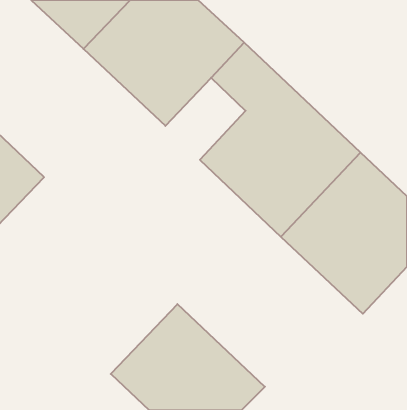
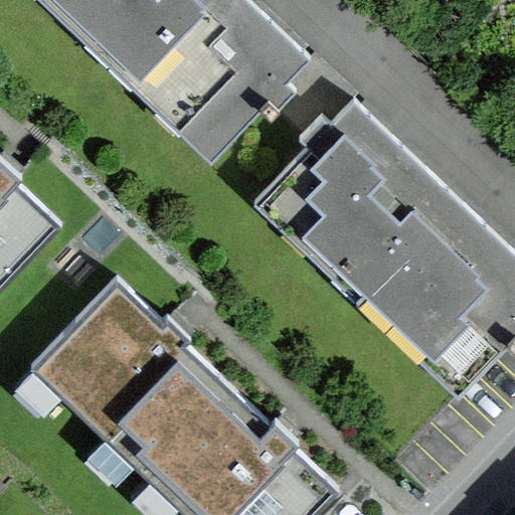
building: none -> [29,278,222,469]

